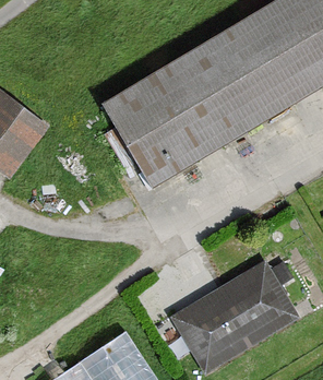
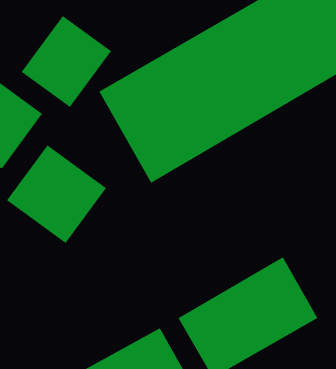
building: none -> [21,15,112,108]
building: none -> [6,144,107,244]

